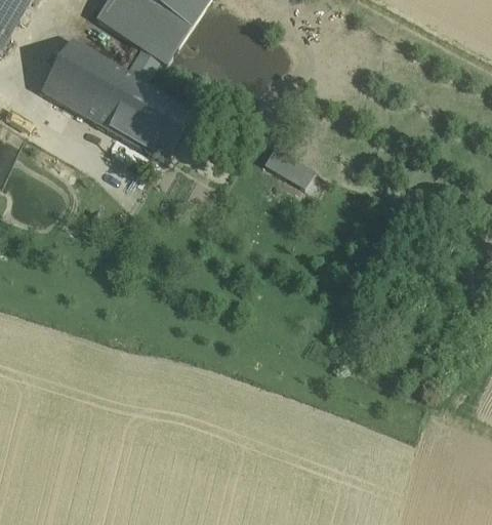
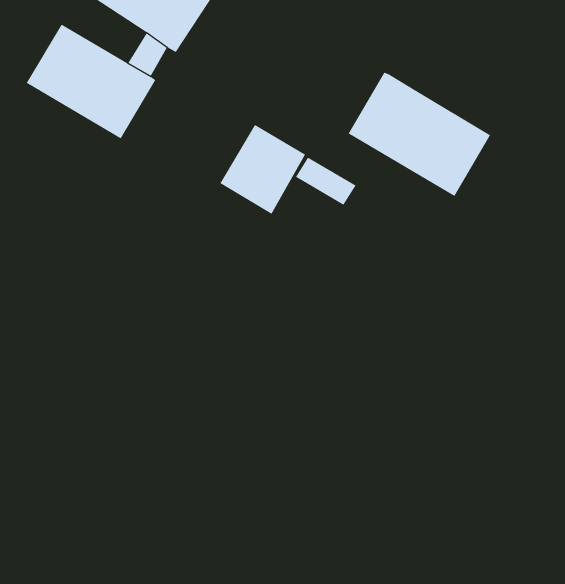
building: none -> [348,72,491,197]
building: [121,86,192,160] -> [219,124,306,215]

